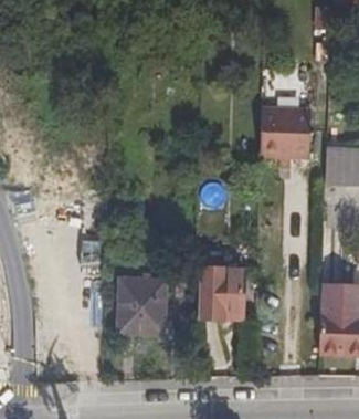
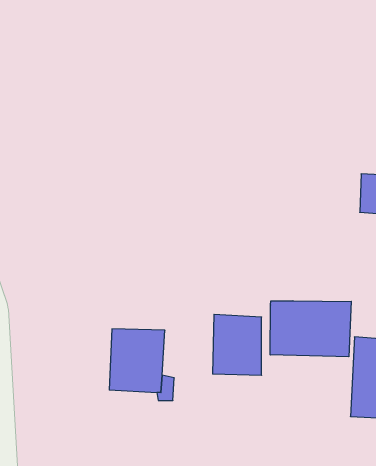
building: [262,113,309,165] -> none
building: none -> [270,301,351,357]

